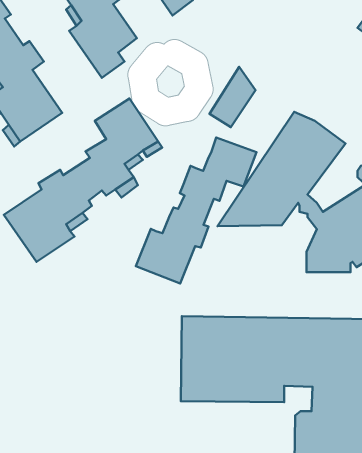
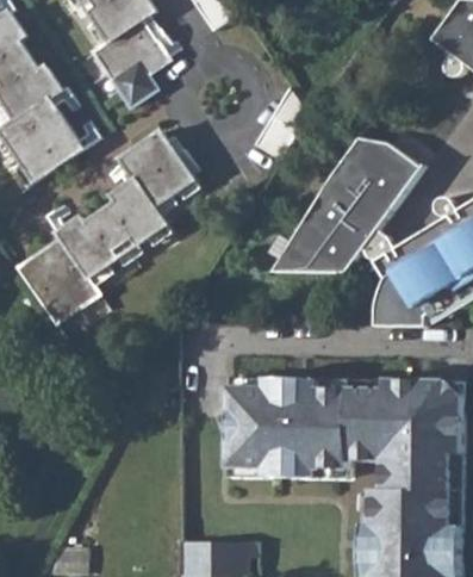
building: [136,137,257,284] -> none

